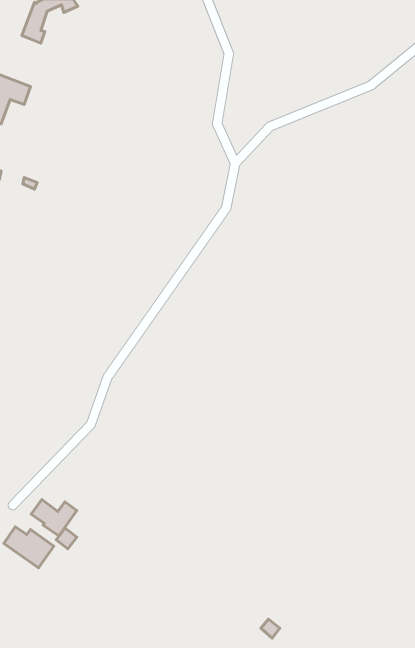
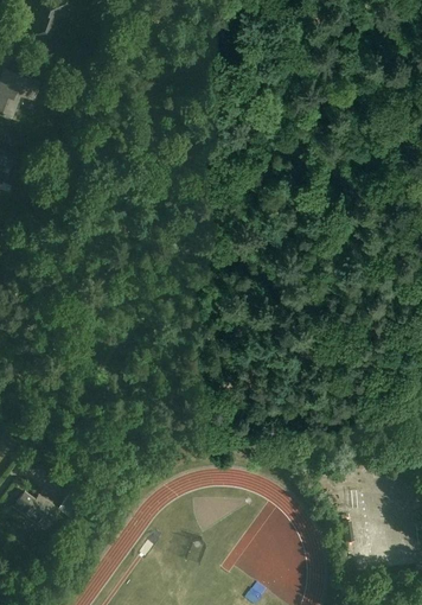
building: [31,500,77,536] -> none

